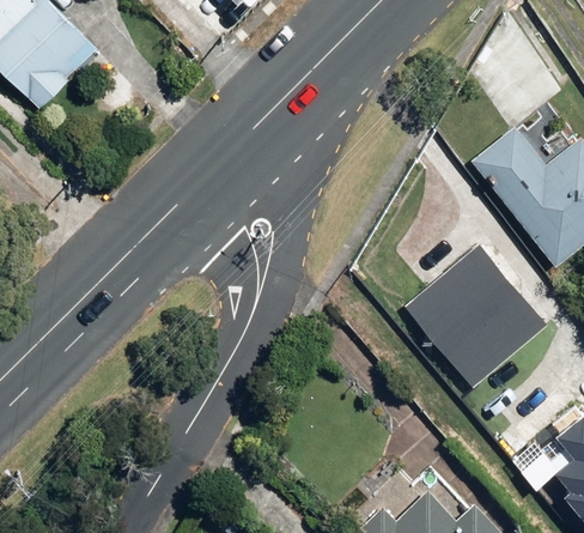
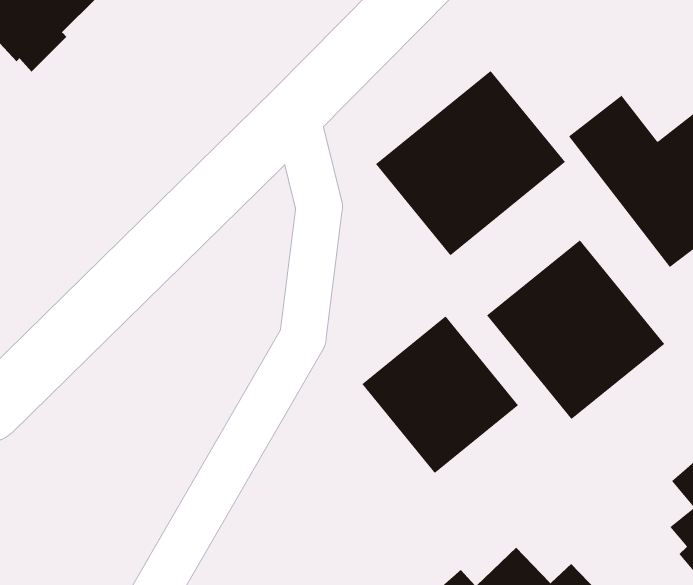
building: none -> [375,70,566,256]
building: none -> [361,316,519,474]

